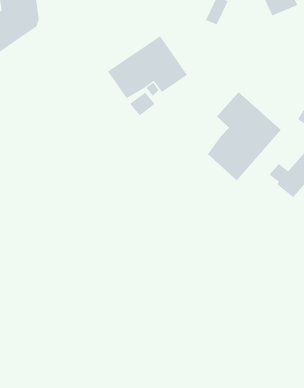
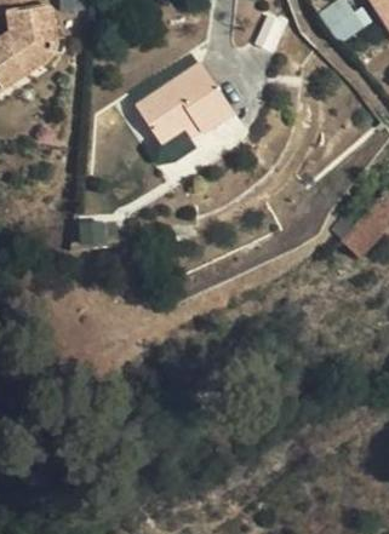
building: [207,92,282,181] -> none

